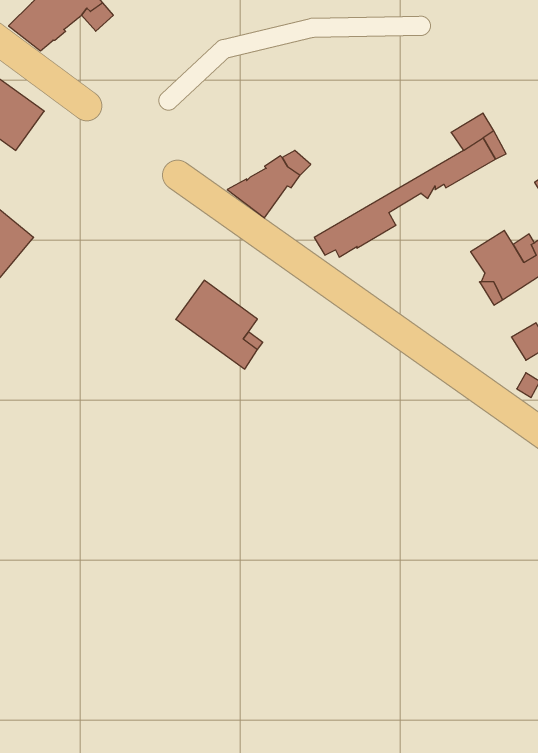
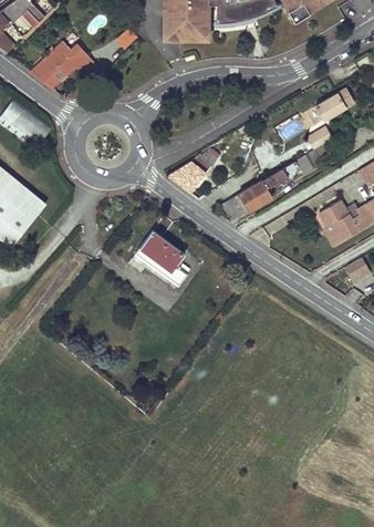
building: none -> [316,94,349,123]

